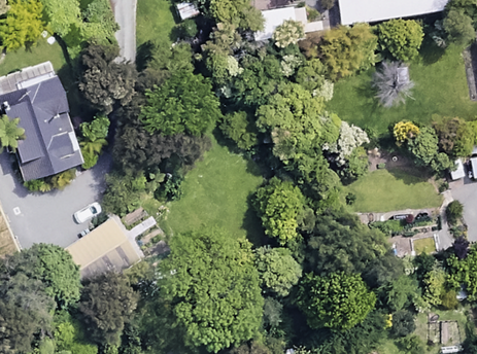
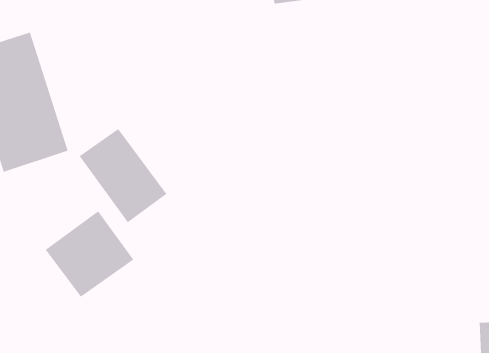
building: none -> [79,128,167,223]

